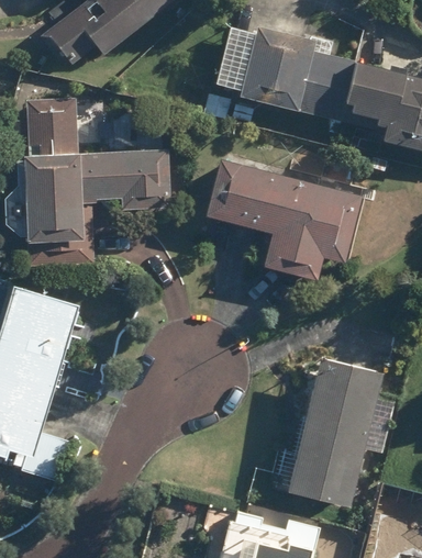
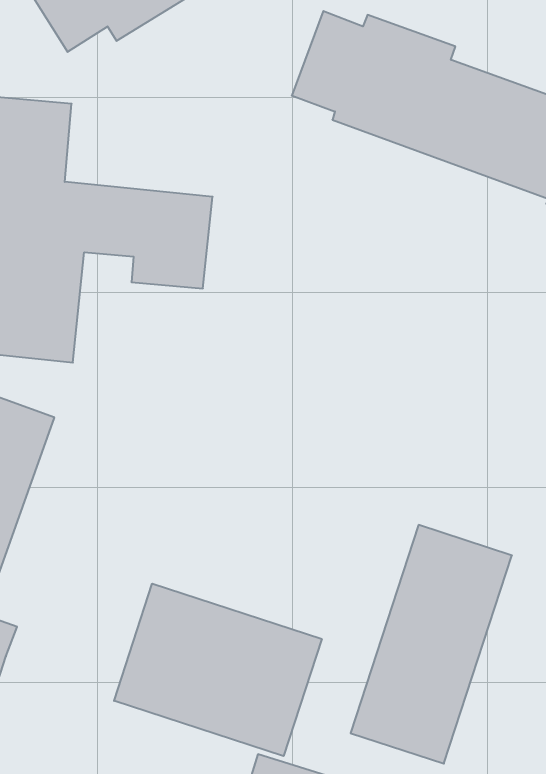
building: [203,159,363,281] -> none
building: none -> [114,584,322,756]

